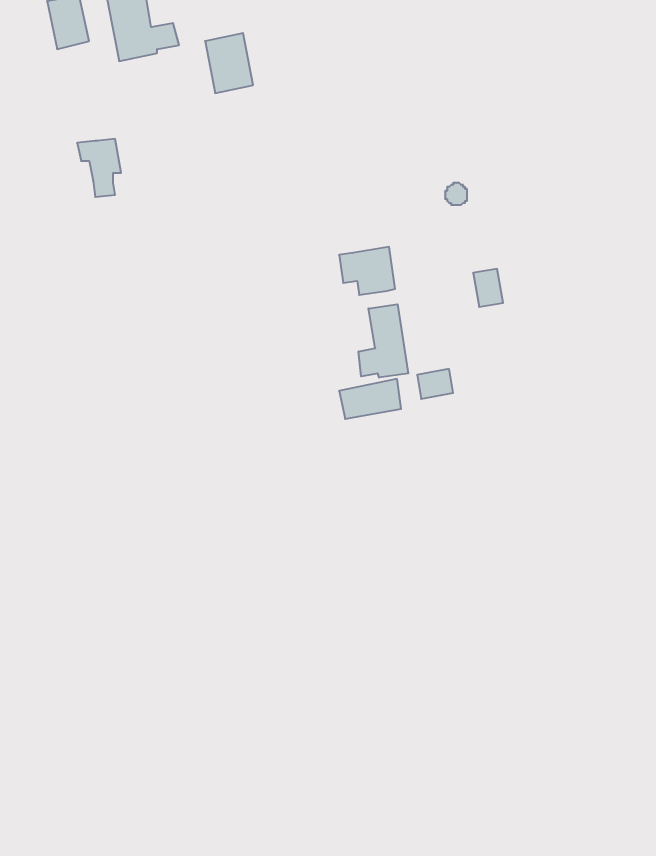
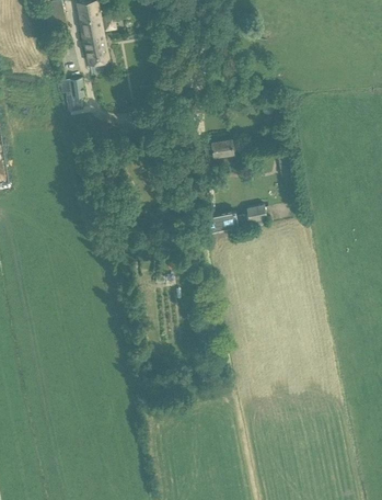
building: [205,33,253,93] -> [82,32,108,65]
building: [359,304,408,378] -> none

